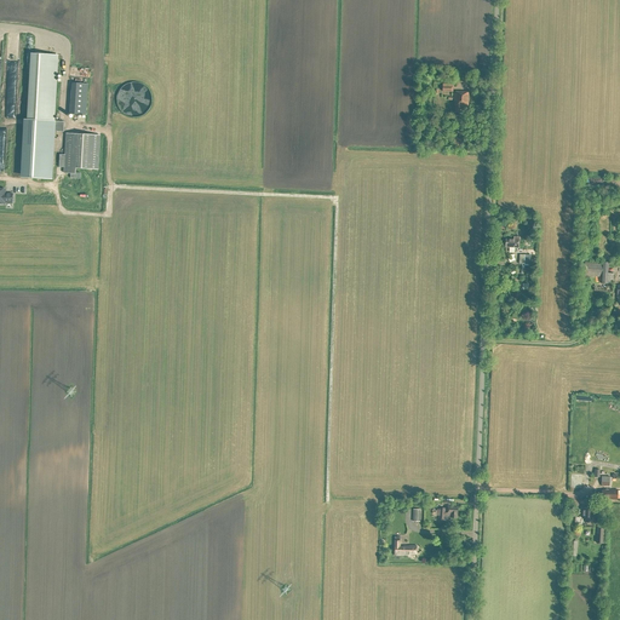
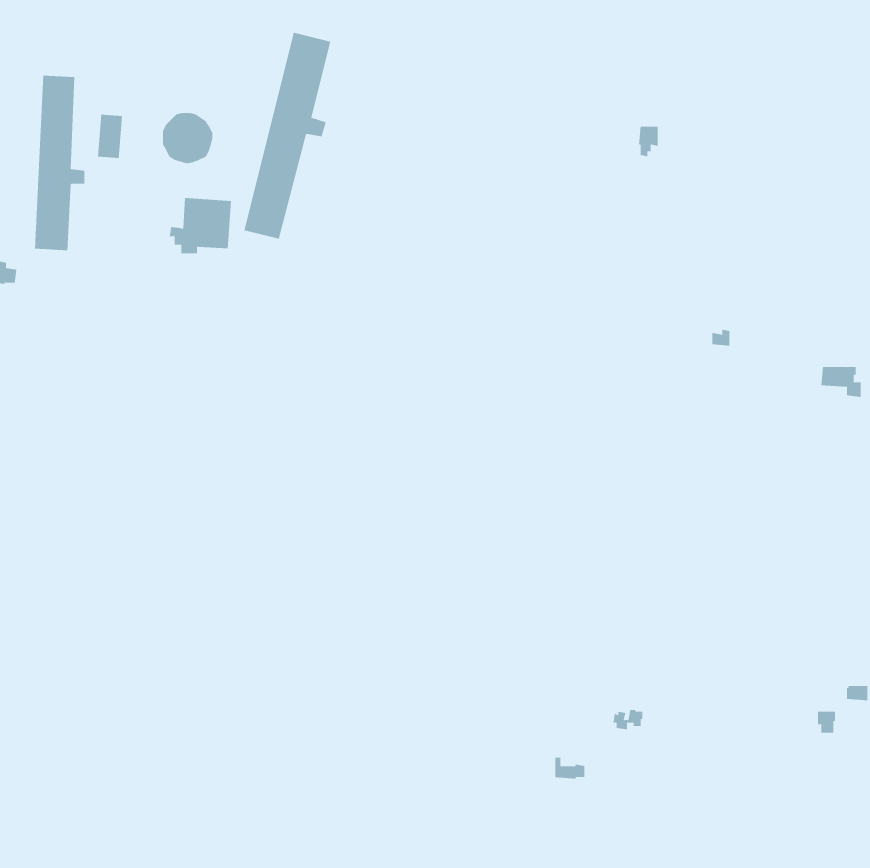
building: none -> [244,32,331,240]
building: [54,131,99,171] -> [169,198,232,254]

